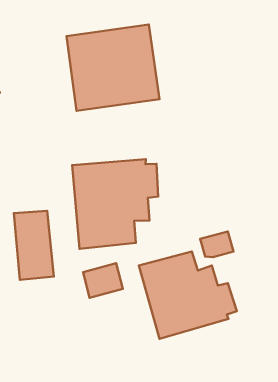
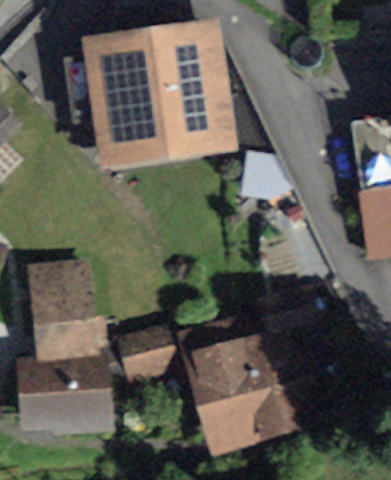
building: [72,159,158,249] -> none
building: none -> [24,364,100,422]

